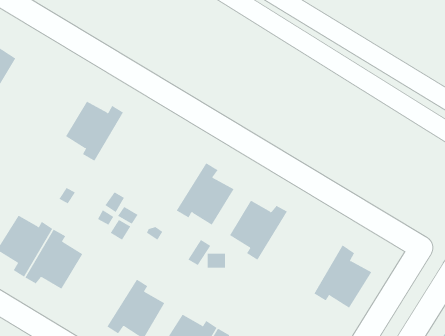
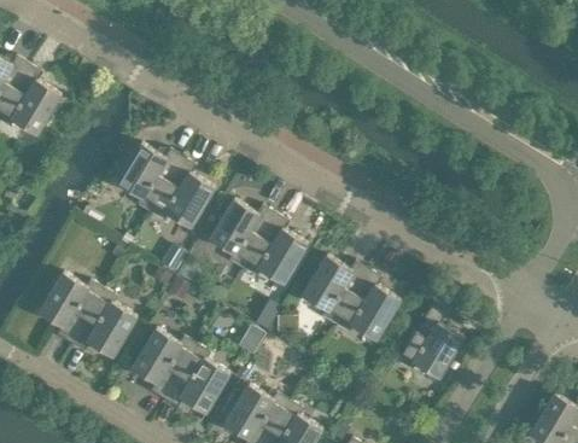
building: none -> [150,158,214,229]
building: none -> [209,200,275,269]
building: none -> [334,270,399,342]
building: none -> [132,330,197,401]

